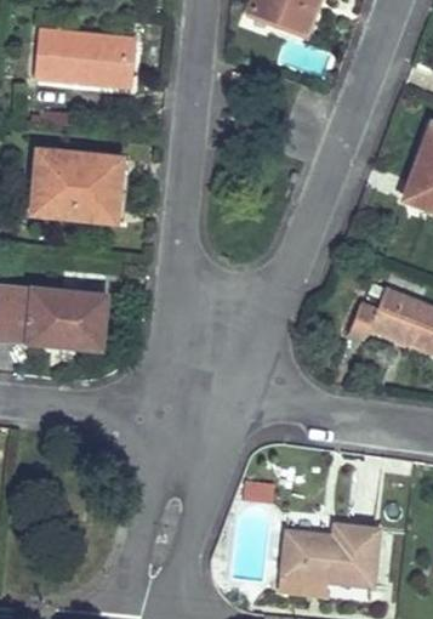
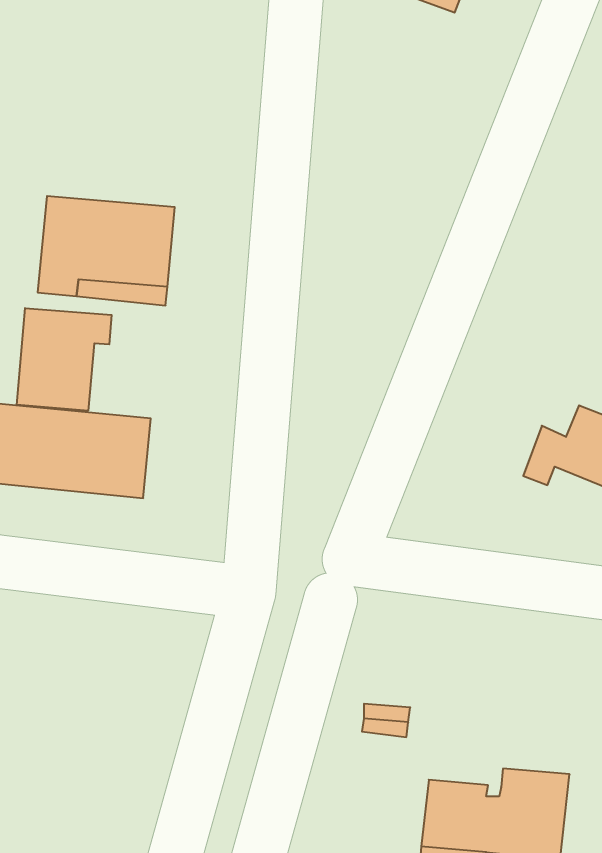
building: [34,29,137,87] -> none
building: none -> [17,308,112,411]

